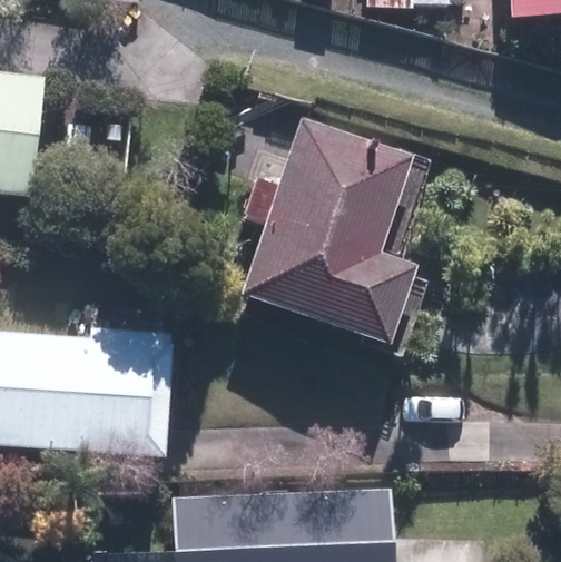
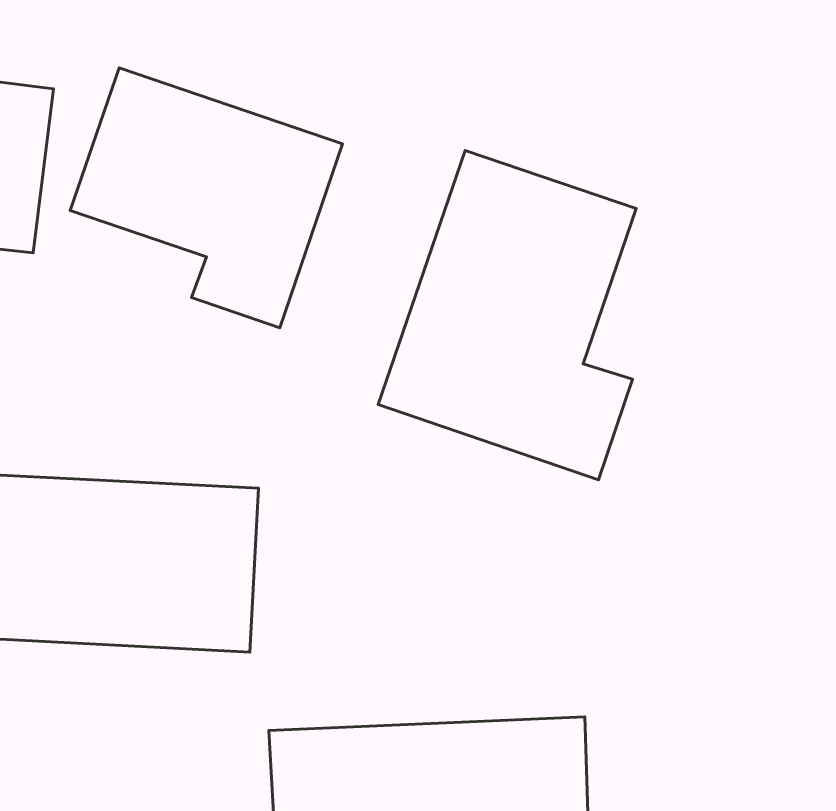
building: none -> [70,68,343,328]

